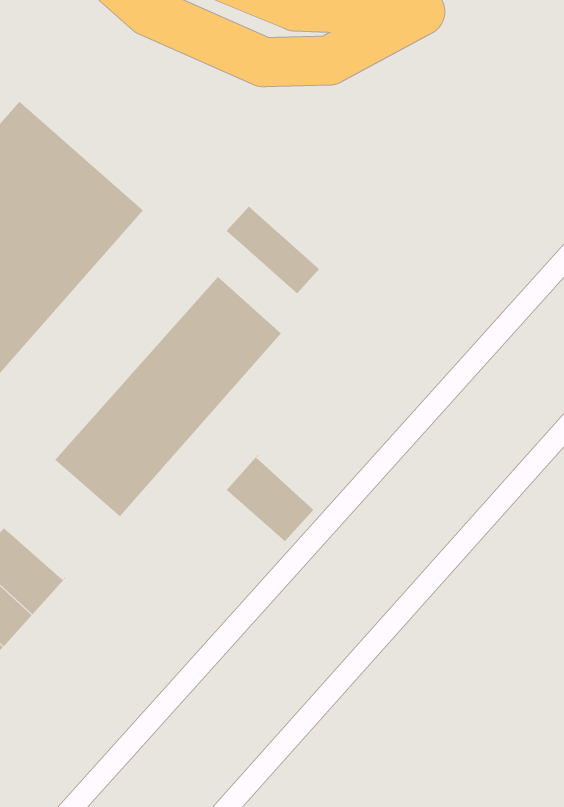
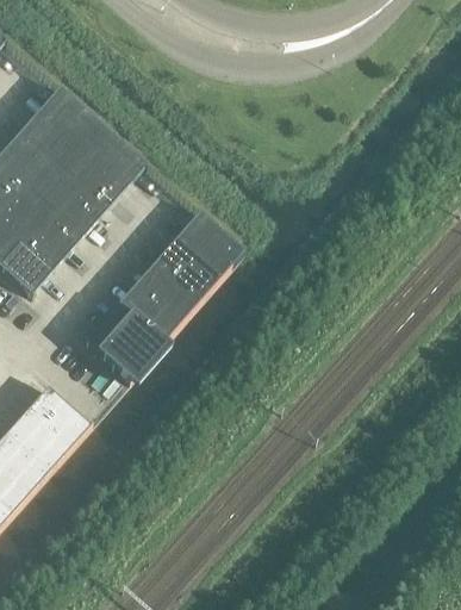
building: [226,206,320,294] -> none
building: [226,454,314,542] -> none

